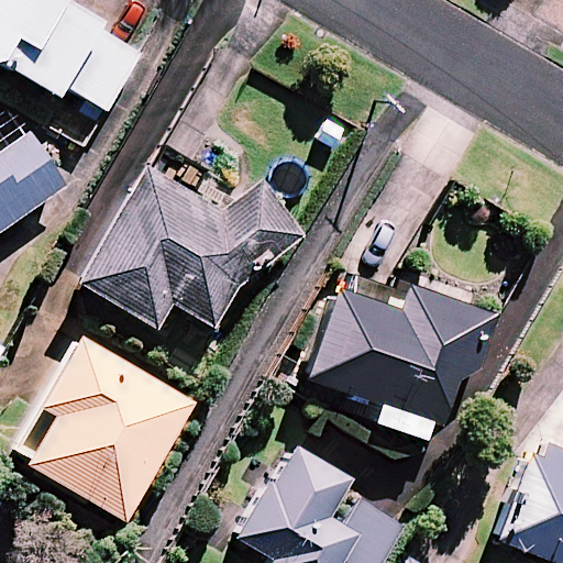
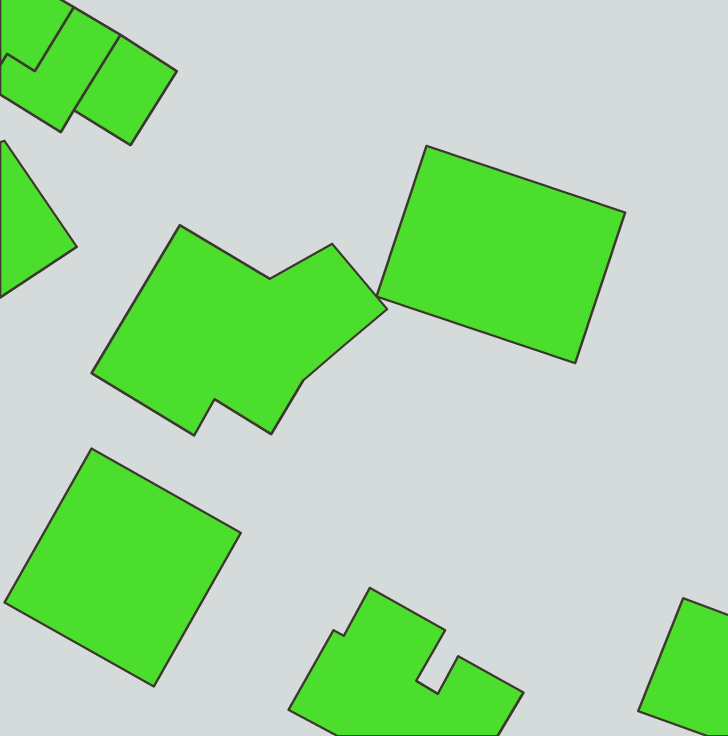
building: none -> [376,146,625,363]
building: [305,279,497,426] -> none

